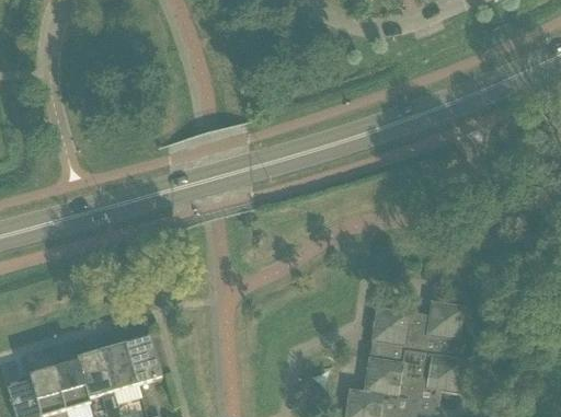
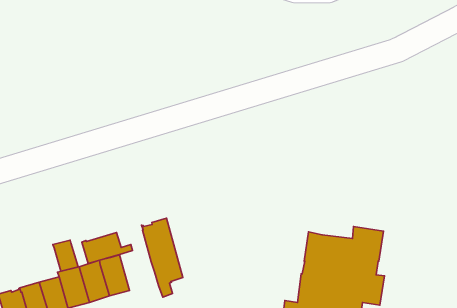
building: none -> [142,218,183,297]
building: none -> [82,232,132,263]
building: none -> [53,240,78,271]

